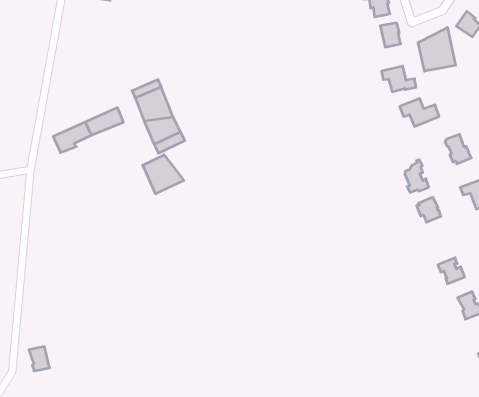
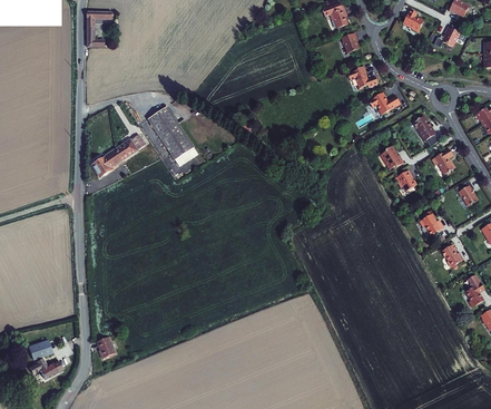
building: [418,27,456,71] -> none
building: [143,155,184,194] -> none

